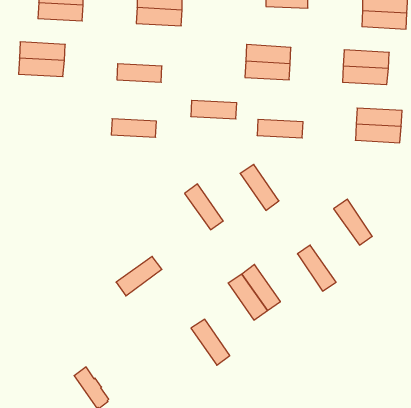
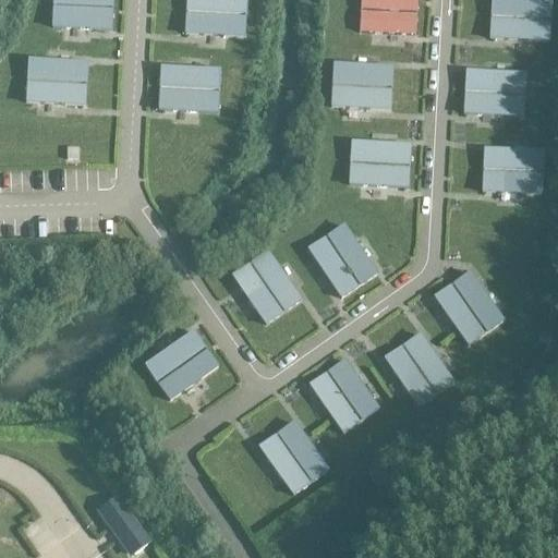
building: none -> [360,9,417,33]
building: [191,100,237,119] -> [350,140,412,165]
building: [111,119,156,137] -> [160,64,221,89]
building: none -> [308,234,361,296]
building: none -> [232,262,286,324]
building: none -> [434,282,487,344]
building: none -> [145,329,207,381]
building: none -> [385,343,437,407]
building: none -> [278,418,330,481]

